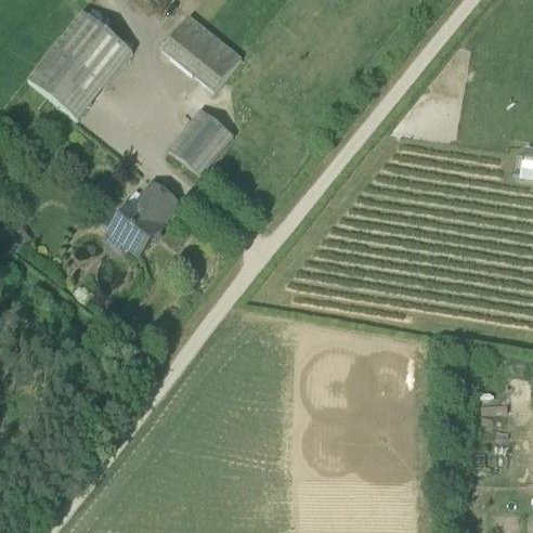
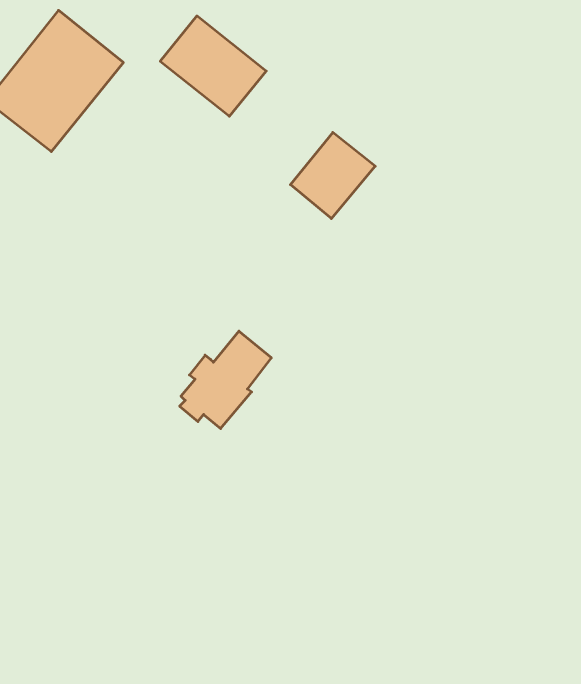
building: [169,107,234,173] -> [290,132,375,219]
building: [108,180,179,255] -> [180,331,271,429]

